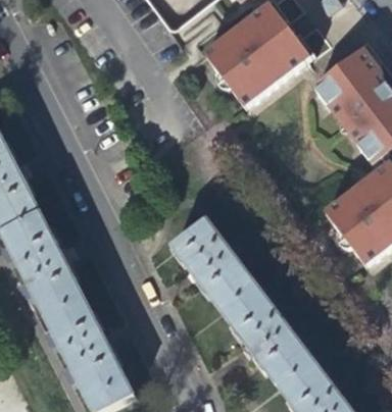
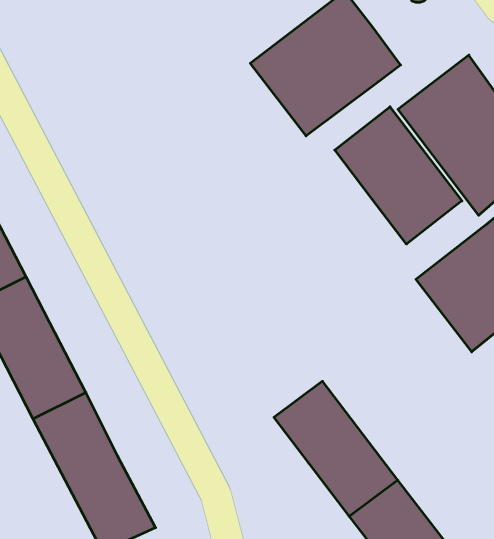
building: none -> [335,107,462,244]
building: [169,218,256,311] -> none

